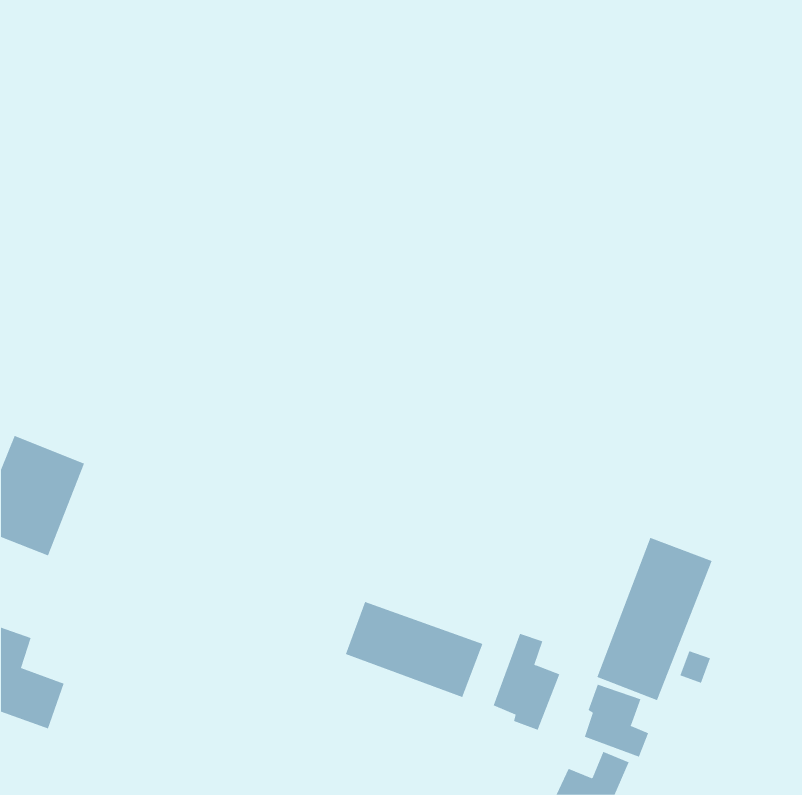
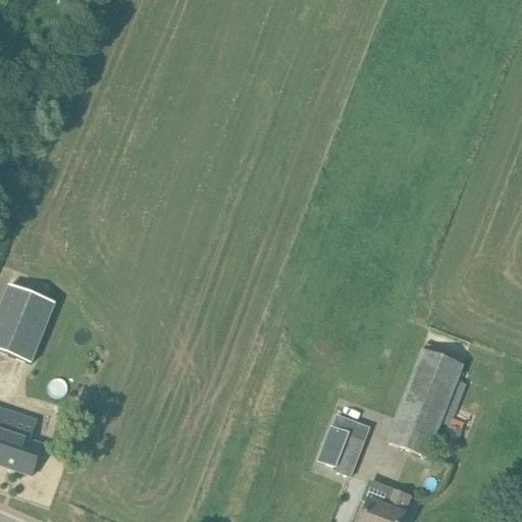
building: [345,601,483,698] -> none
building: [584,684,649,757] -> none

